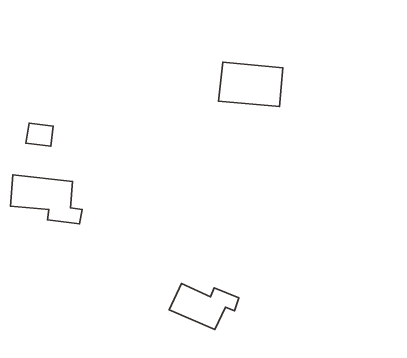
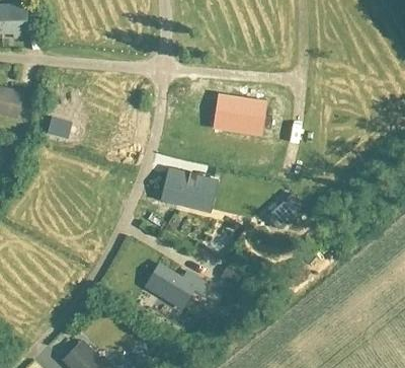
building: none -> [159,168,217,214]
building: [11,175,82,224] -> none

